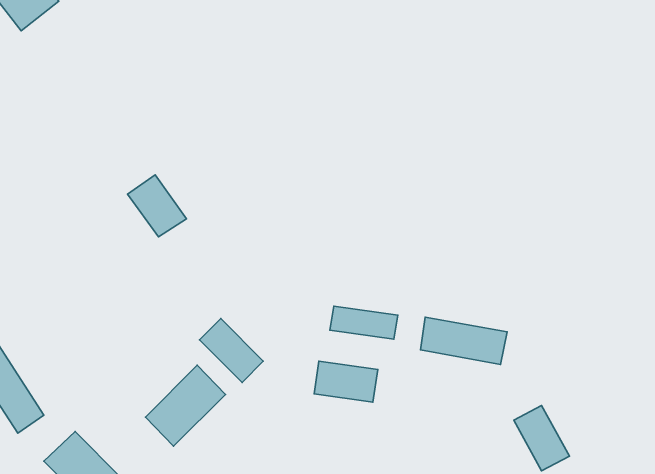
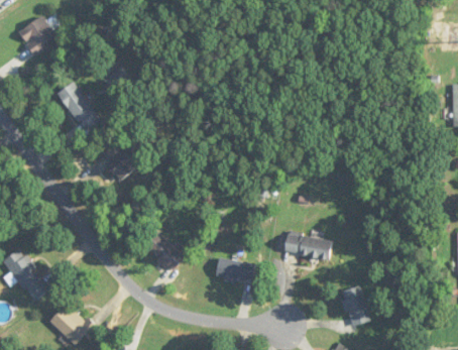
building: none -> [56,82,101,133]
building: [330,306,398,339] -> none
building: [145,365,225,446] -> none

